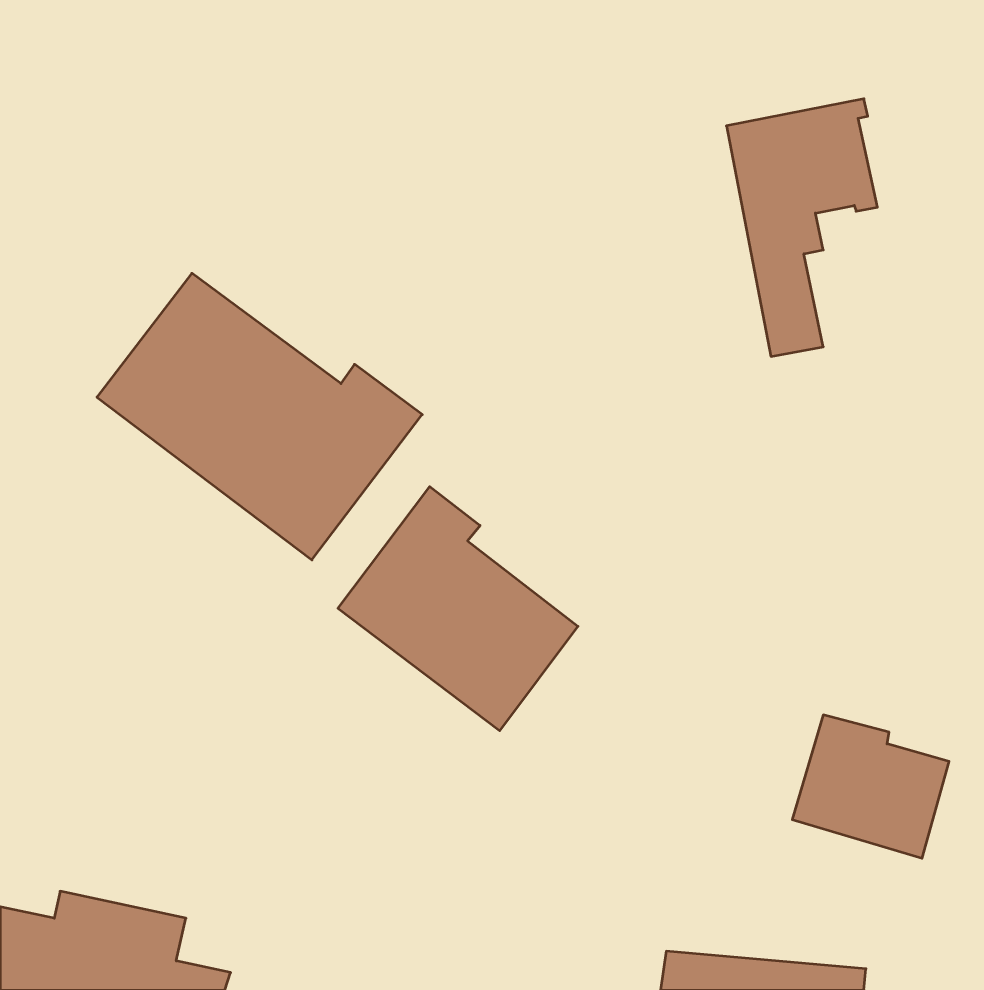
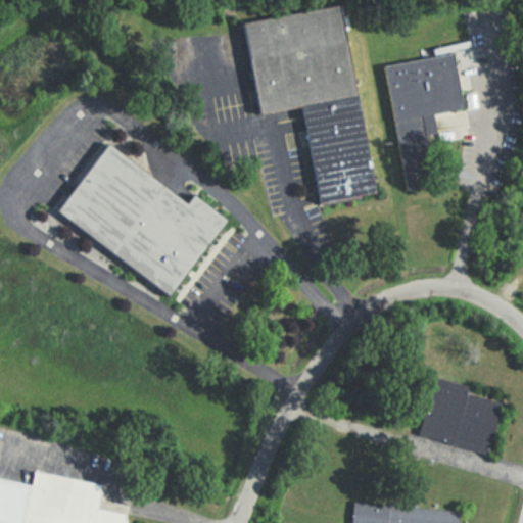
building: none -> [244,5,376,200]
building: [338,487,578,731] -> none

